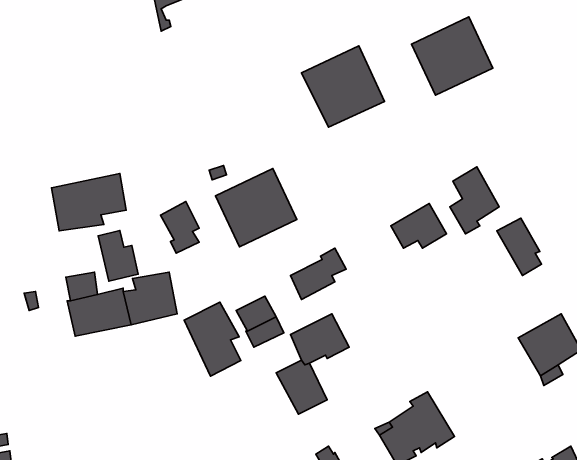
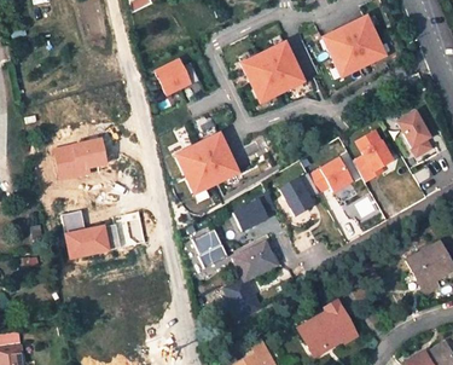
building: none -> [157,57,199,92]
building: [161,202,199,253] -> none
building: [497,218,542,276] -> [397,112,431,156]
building: none -> [279,172,319,215]
building: [98,231,138,281] -> none
building: [184,302,241,376] -> none

